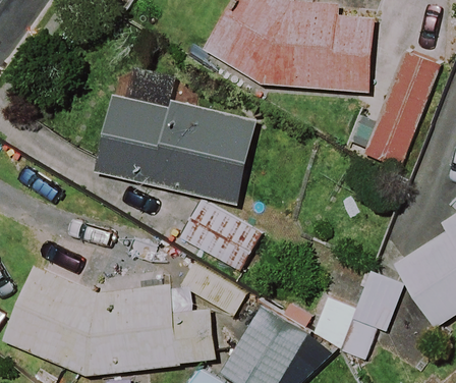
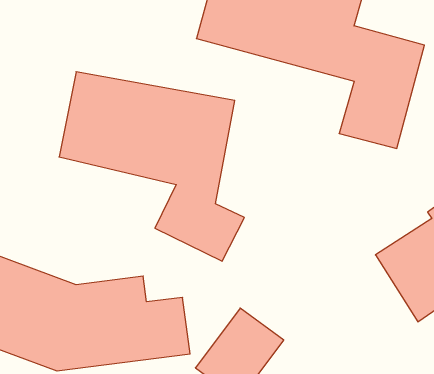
building: [310,271,404,363] -> none

